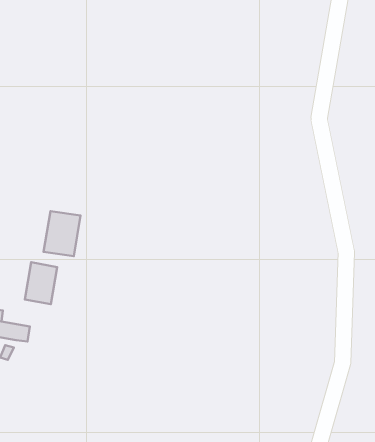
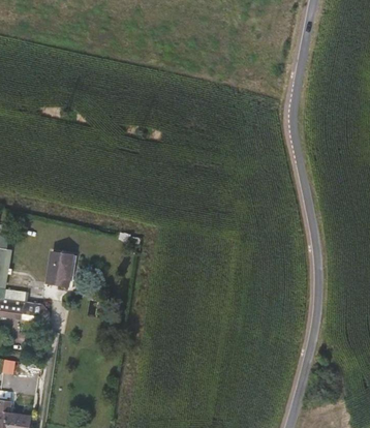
building: [44,211,81,256] -> none

